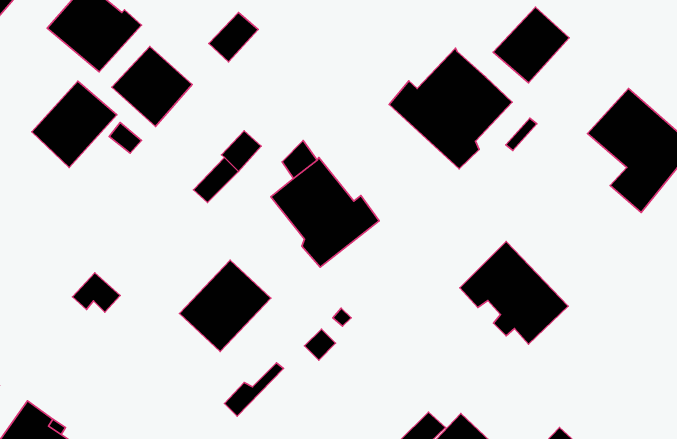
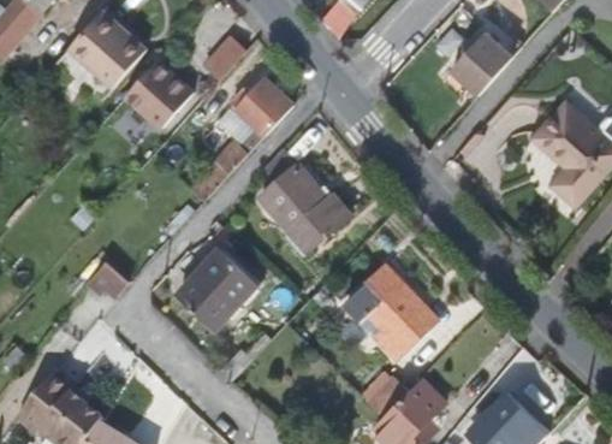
building: [389,48,512,169] -> none
building: none -> [237,77,293,135]
building: [32,81,117,167] -> none
building: [460,241,568,344] -> [343,265,435,353]

